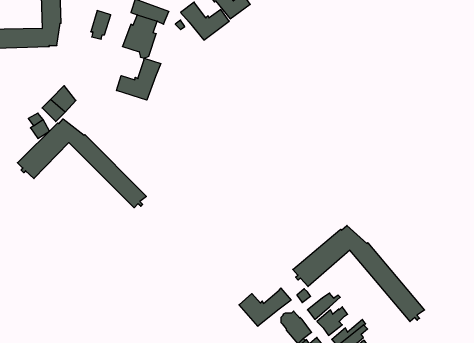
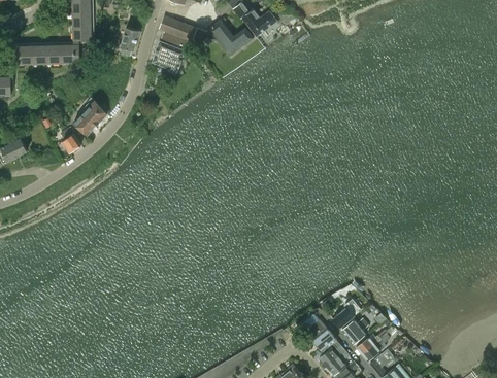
building: [117,58,161,100] -> none
building: [17,119,146,208] -> none
building: [293,225,425,322] -> none
building: [239,288,291,326] -> none

